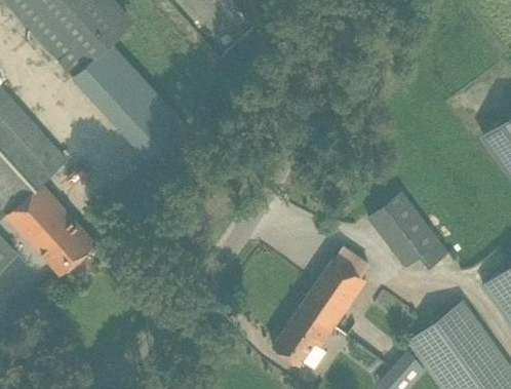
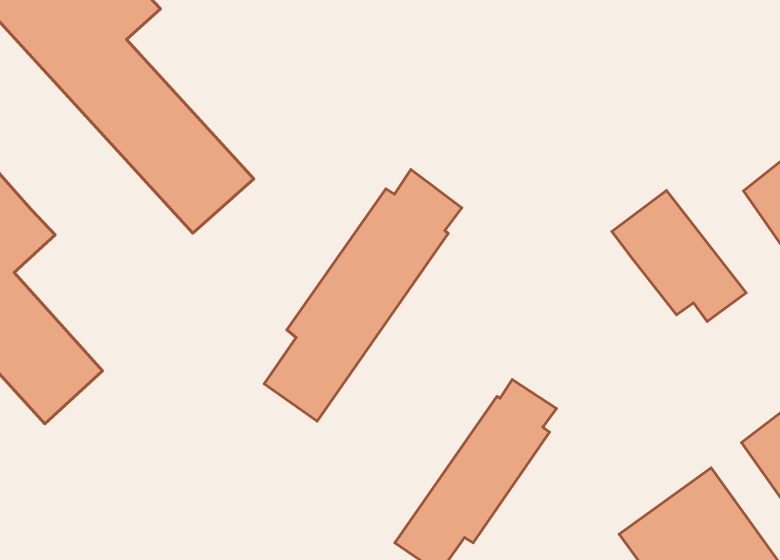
building: none -> [264,170,462,421]
building: [367,192,448,271] -> [612,191,746,322]

